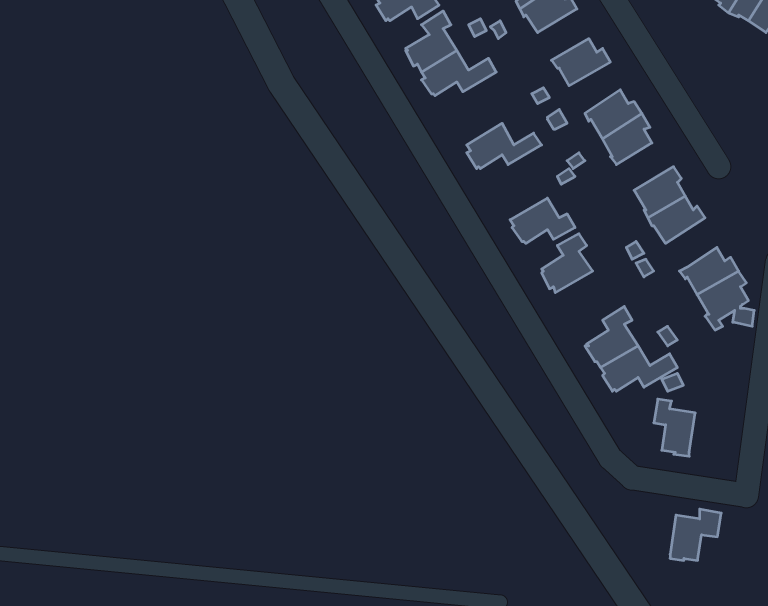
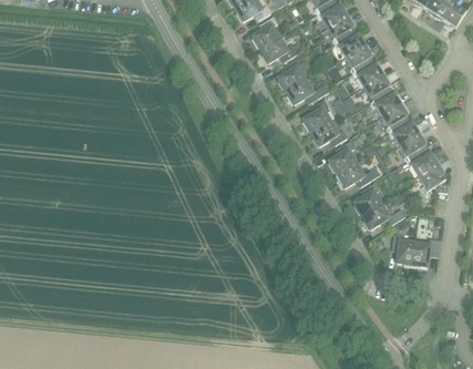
building: none -> [326,13,354,42]
building: none -> [343,43,372,72]
building: none -> [277,57,306,90]
building: none -> [370,89,402,115]
building: none -> [302,98,333,132]
building: none -> [398,131,426,161]
building: none -> [336,161,379,186]
building: [670,509,721,560] -> [411,237,440,266]

